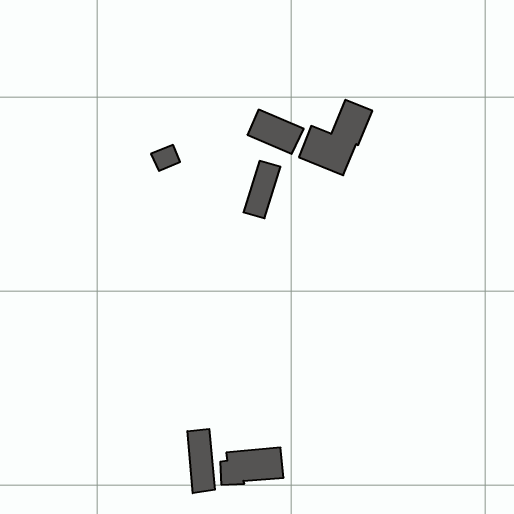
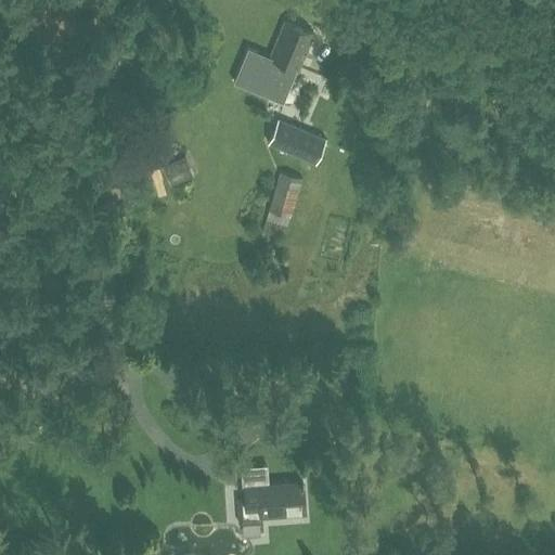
building: [299,100,372,175] -> [235,22,314,103]
building: [187,429,215,493] -> none

